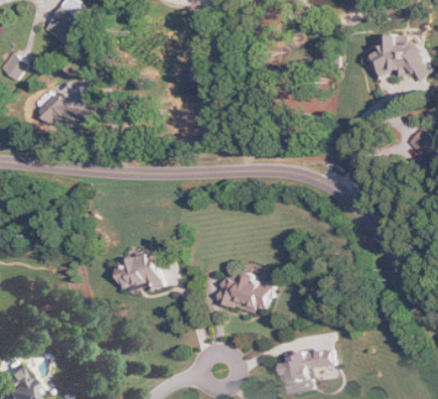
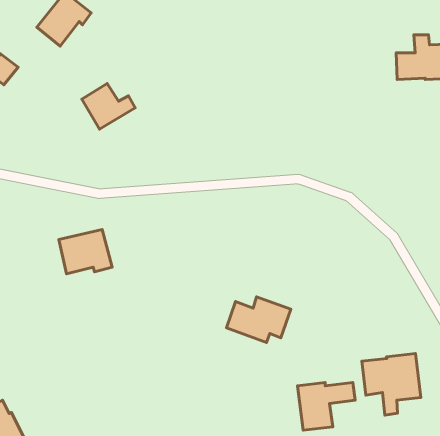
building: [37,93,86,134] -> [82,83,135,129]
building: [116,251,164,291] -> [59,230,112,274]
building: none -> [362,354,421,415]

